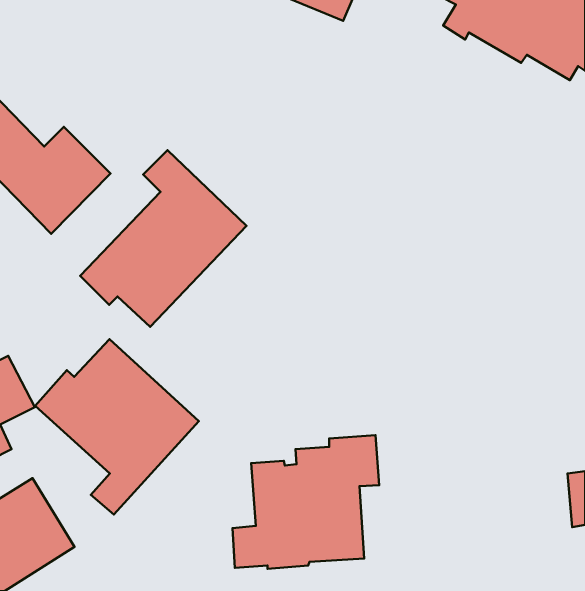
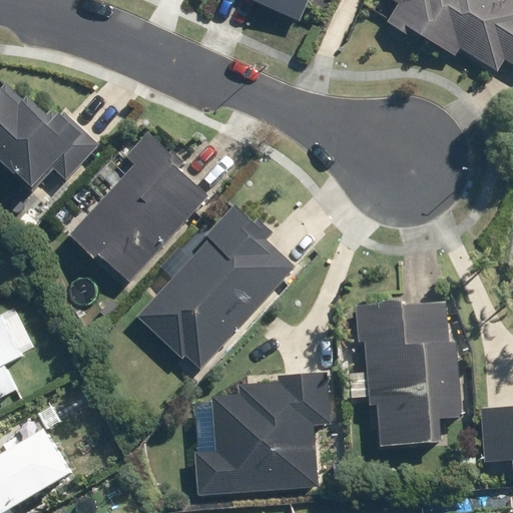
building: none -> [142,208,286,362]
building: [35,339,199,514] -> none
building: none -> [360,298,462,443]

